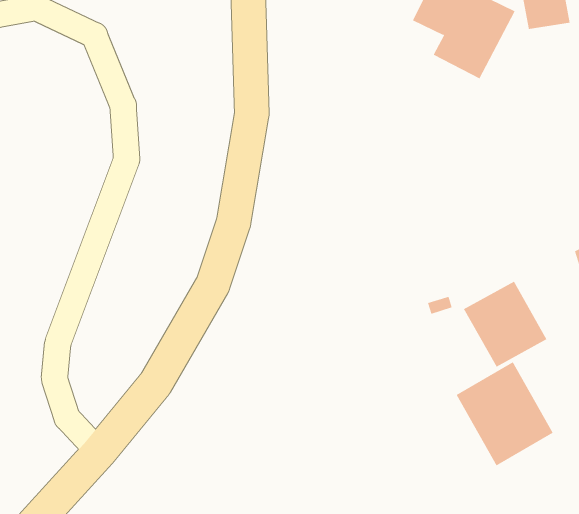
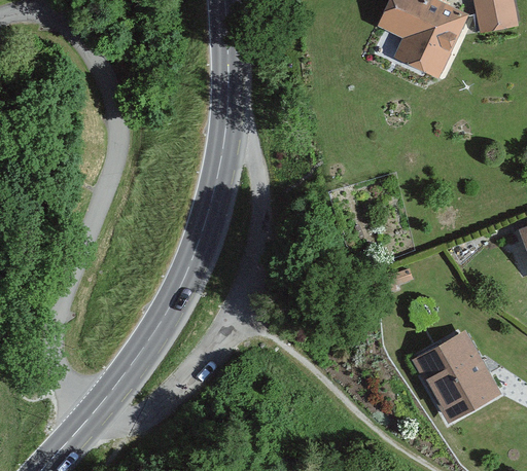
building: [463,281,547,368] -> none

